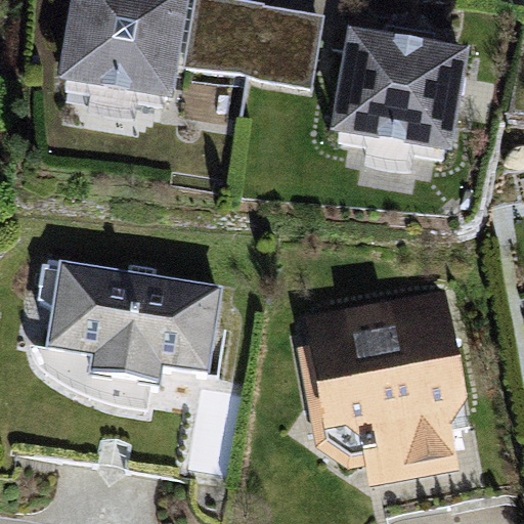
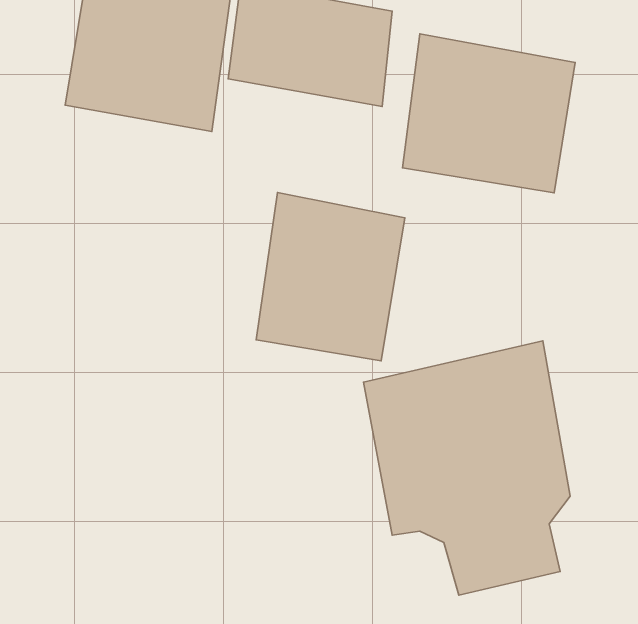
building: none -> [256,192,405,361]
building: [48,265,225,384] -> none

